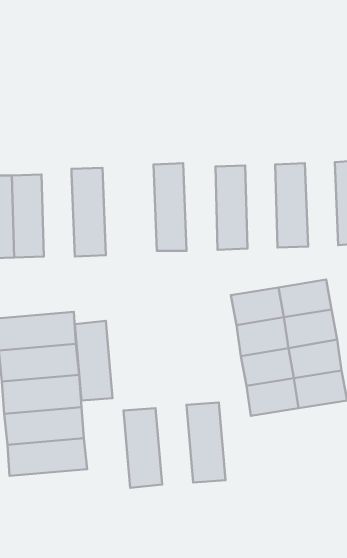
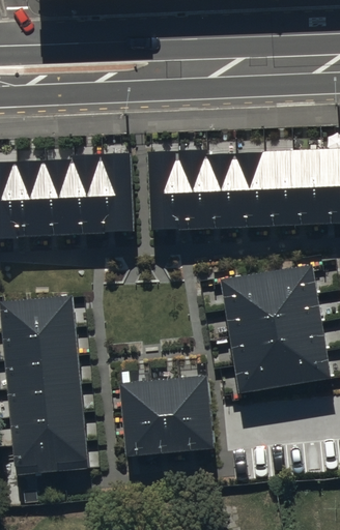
building: none -> [176,153,208,236]
building: none -> [290,153,321,232]
building: none -> [234,155,264,234]
building: none -> [101,157,132,240]
building: none -> [44,164,75,241]
building: [75,321,112,401] -> [150,380,186,454]
building: none -> [13,440,88,476]

